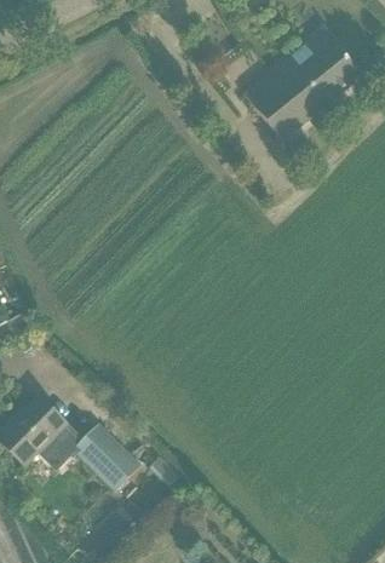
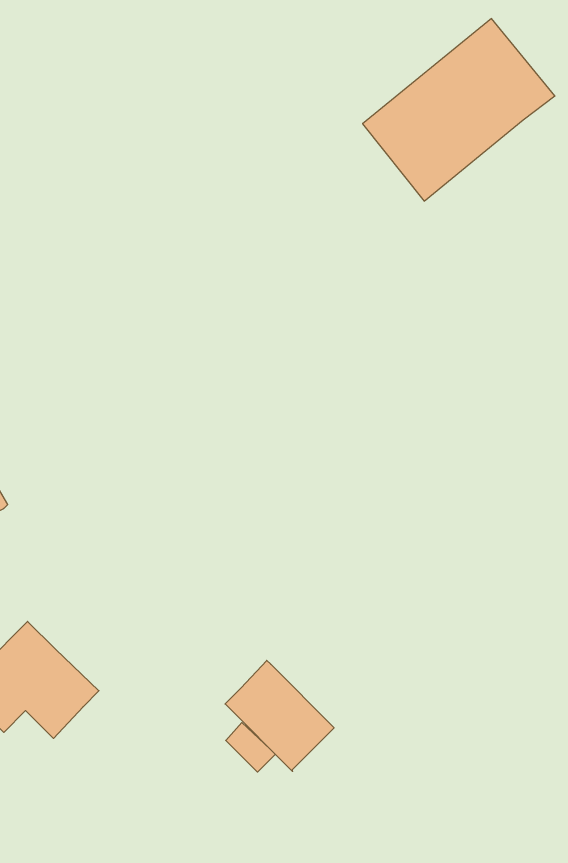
building: [74,423,140,490] -> [225,660,334,771]

